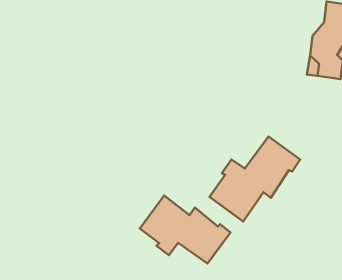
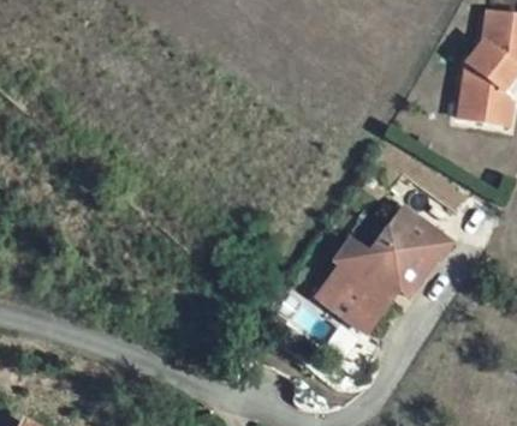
building: [140,195,231,264] -> none

